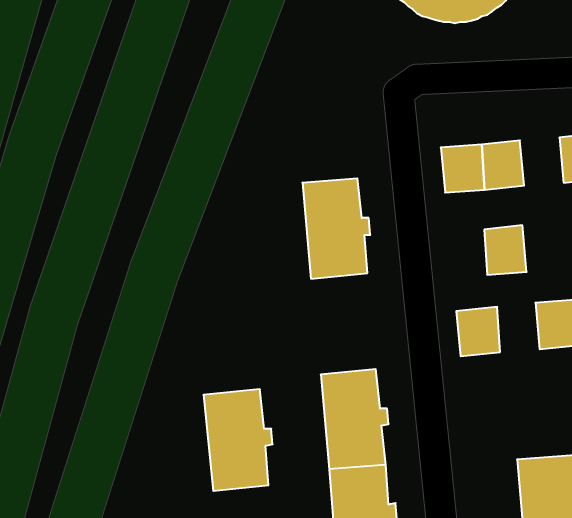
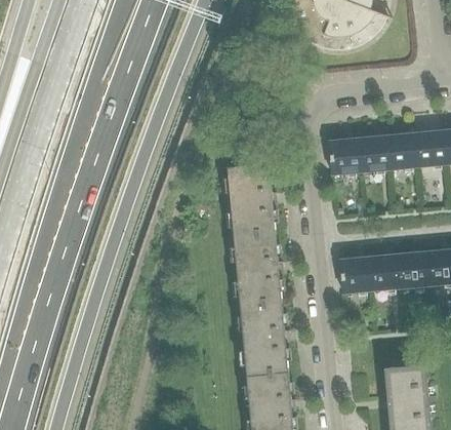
building: none -> [386,134,418,169]
building: [484,225,527,275] -> [370,255,401,290]
building: [203,389,273,491] -> [235,233,285,307]

